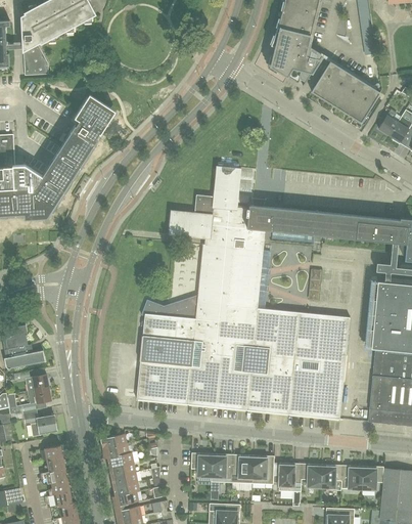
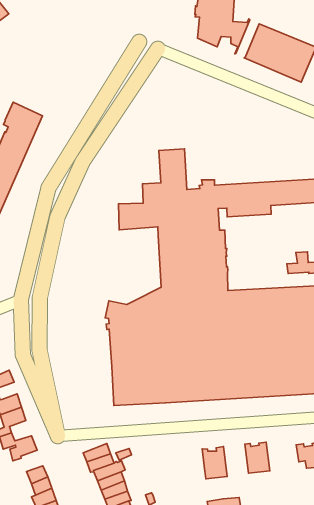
building: [191,453,213,477] -> none
building: [232,454,254,483] -> none
building: [279,464,302,492] -> none

